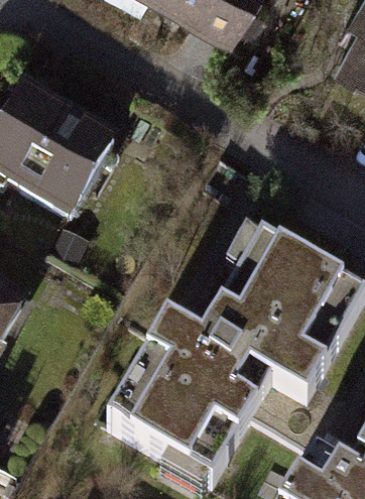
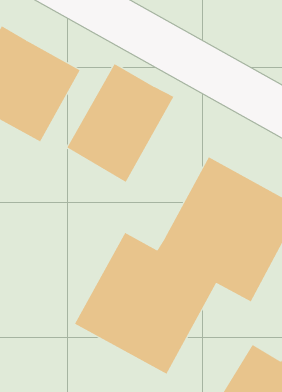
building: none -> [67,63,174,183]

